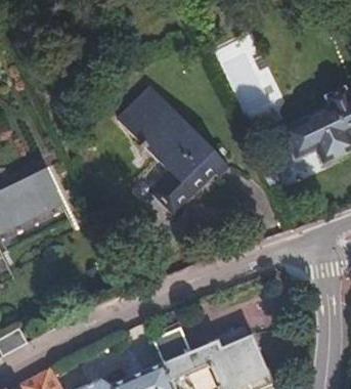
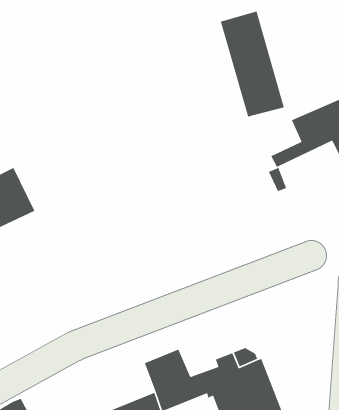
building: [117,97,228,222] -> none

